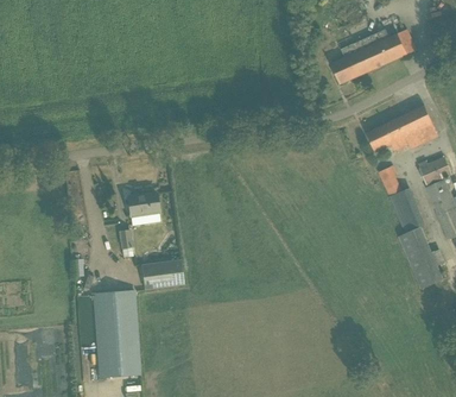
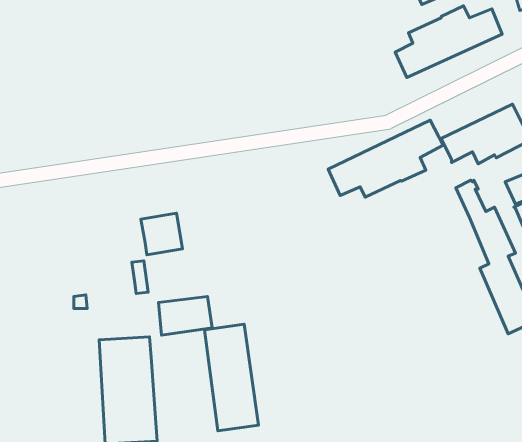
building: none -> [328,120,443,197]
building: none -> [204,324,259,431]

